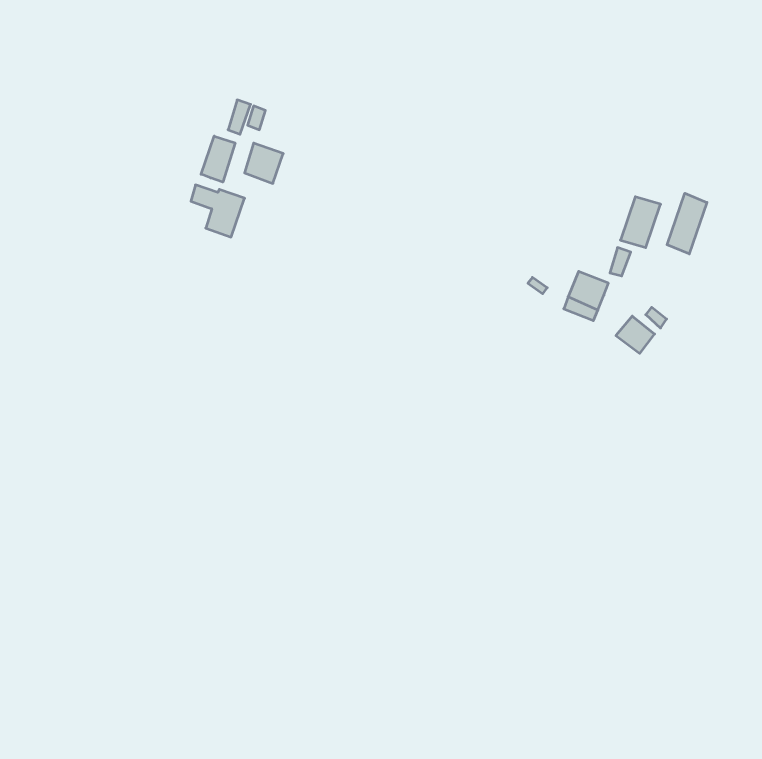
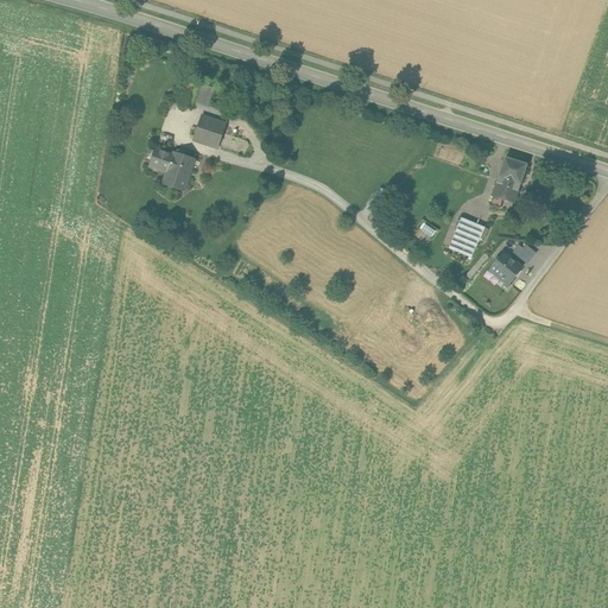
building: [201,136,235,182] -> none
building: [667,193,707,254] -> none

